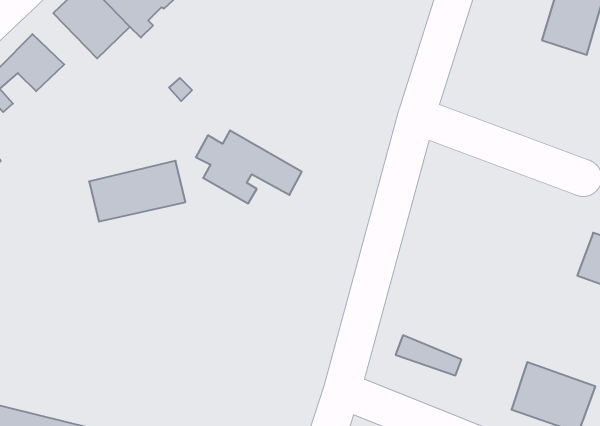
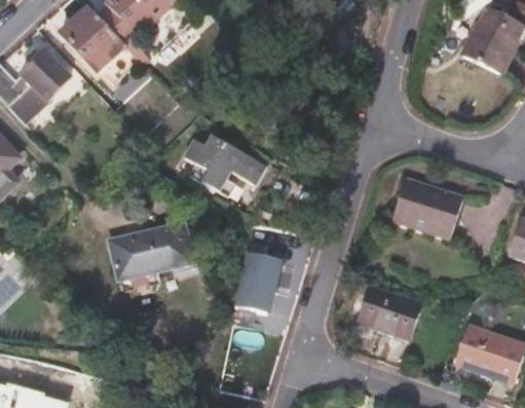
building: [89,161,185,222] -> [107,224,188,275]
building: none -> [388,177,459,238]
building: none -> [245,255,293,313]
building: none -> [355,289,413,326]

